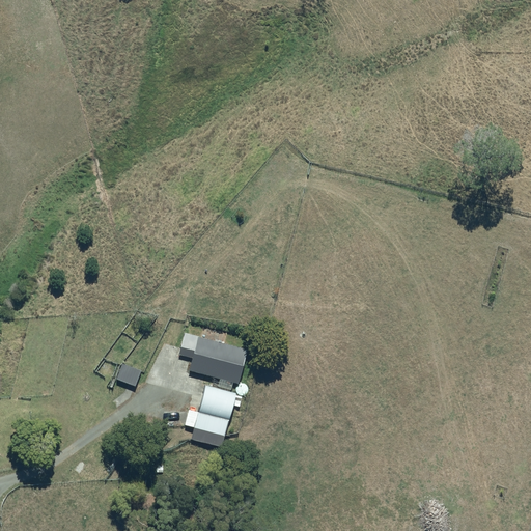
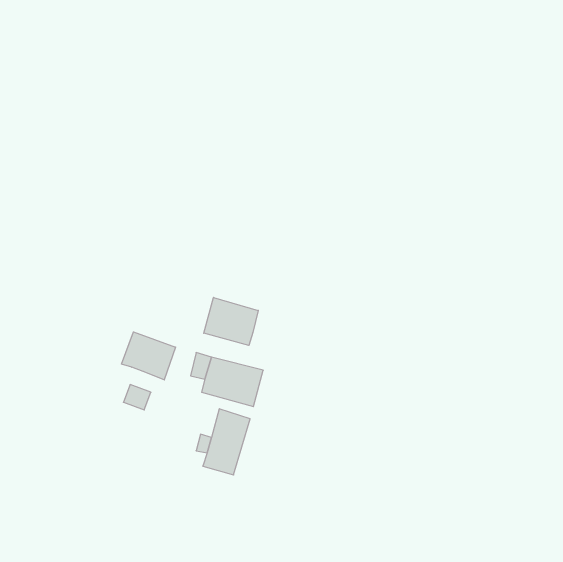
building: none -> [204,297,258,345]
building: none -> [122,332,176,380]

